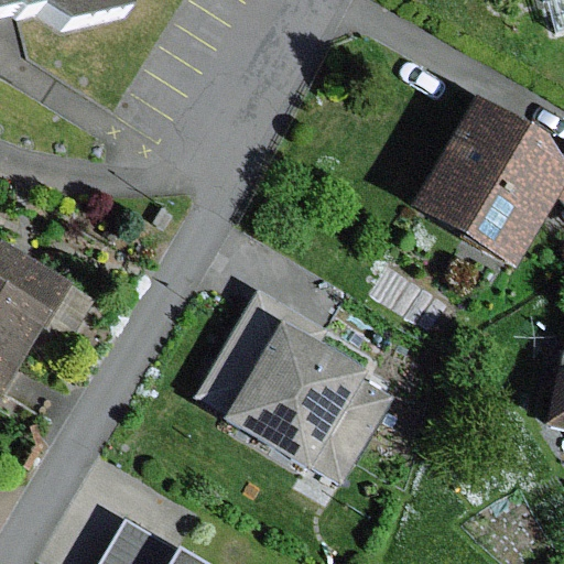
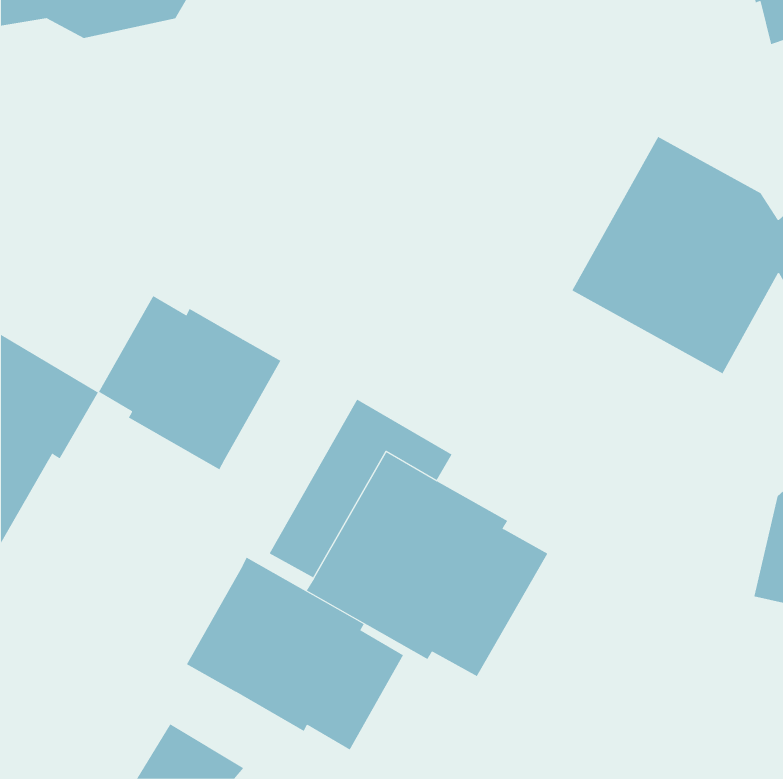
building: none -> [98,295,281,470]
building: none -> [186,557,404,751]

